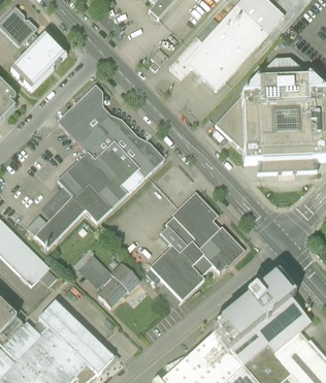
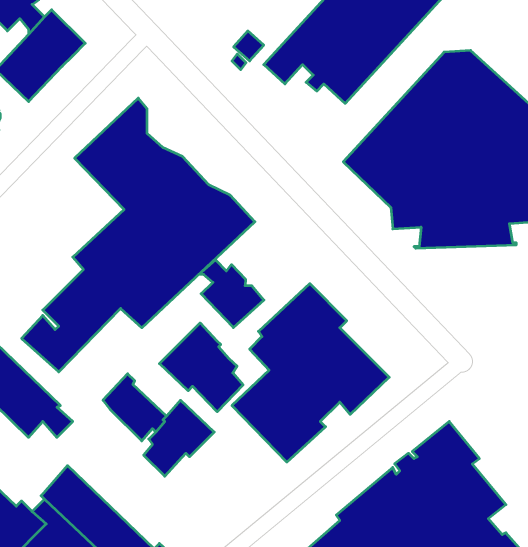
building: none -> [199,260,264,328]
building: none -> [159,323,243,412]

